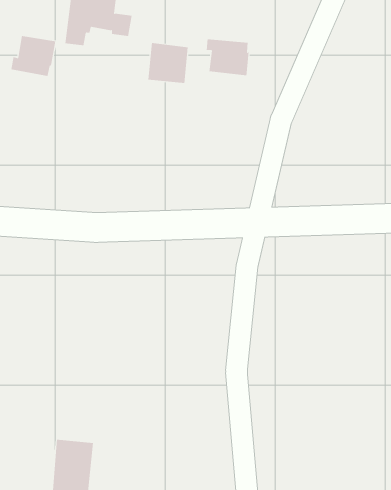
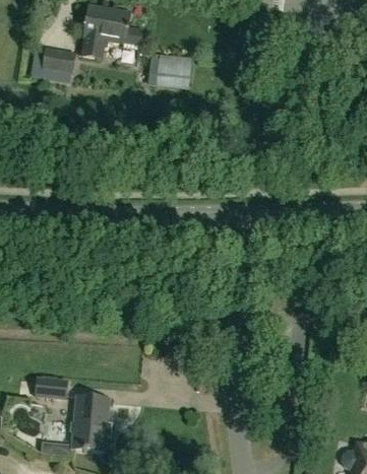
building: [206,38,249,76] -> none
building: none -> [34,377,66,399]

